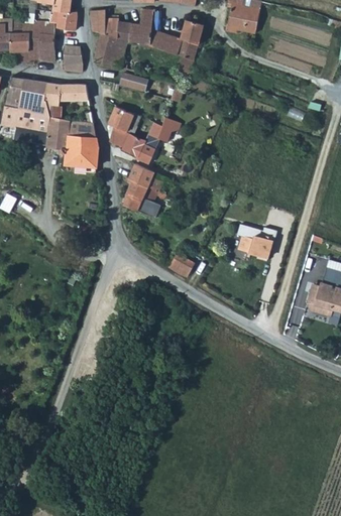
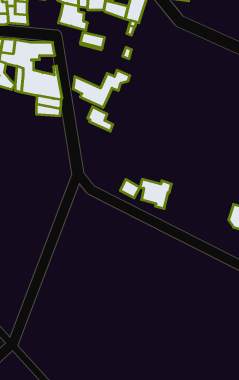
building: [66,45,83,72] -> none
building: [108,106,134,132] -> none
building: [123,181,164,212] -> none
building: [237,226,276,262] -> [140,179,172,209]

